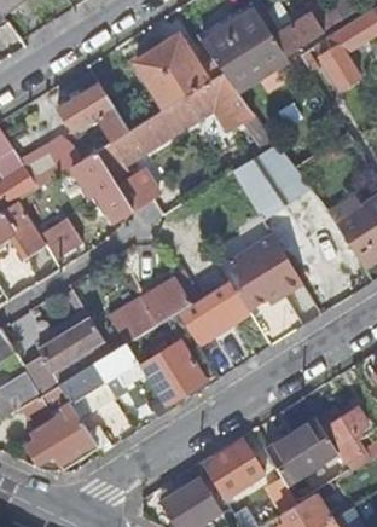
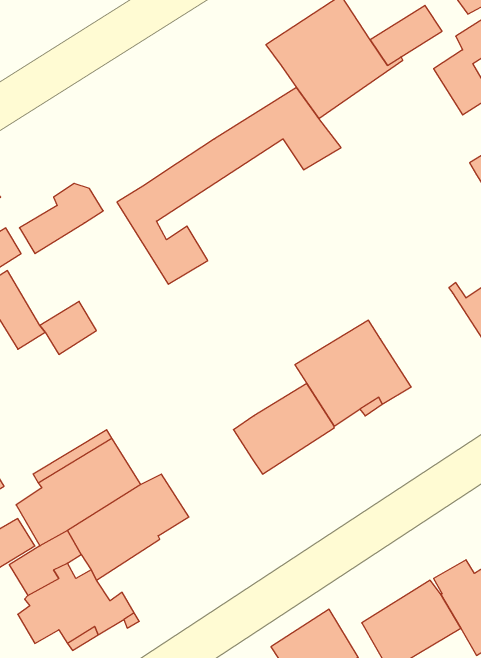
building: [134,35,221,108] -> none
building: [57,83,128,140] -> none
building: [233,145,311,219] -> none
building: [71,152,130,221] -> none
building: [110,271,191,344] -> none
building: [141,340,207,406] -> none

